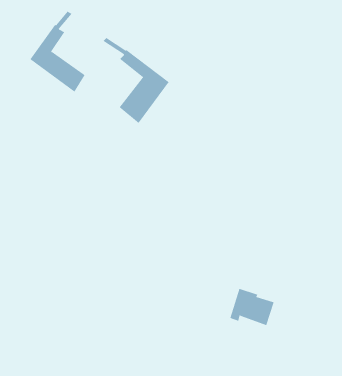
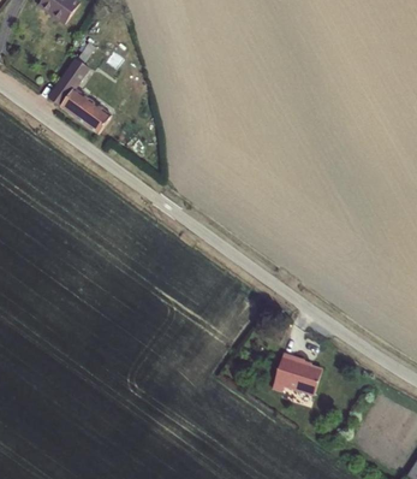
building: [103,37,170,124] -> none

